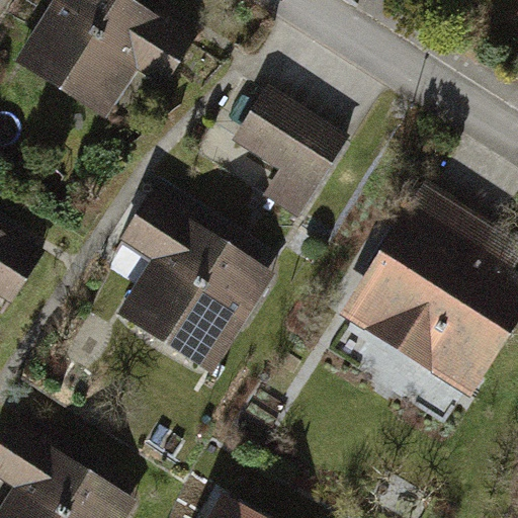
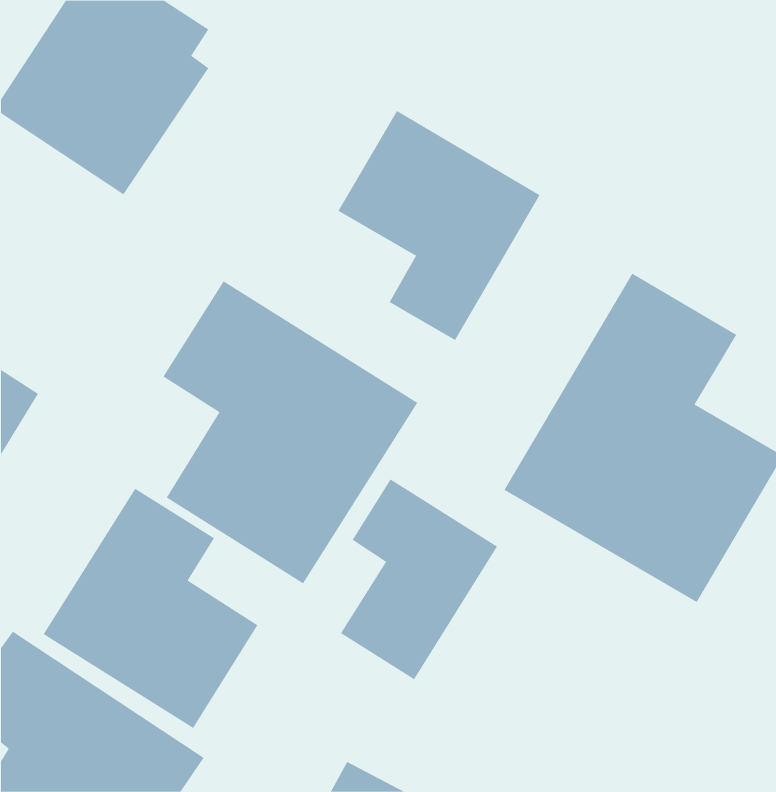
building: none -> [340,479,498,680]
building: none -> [43,488,258,729]

